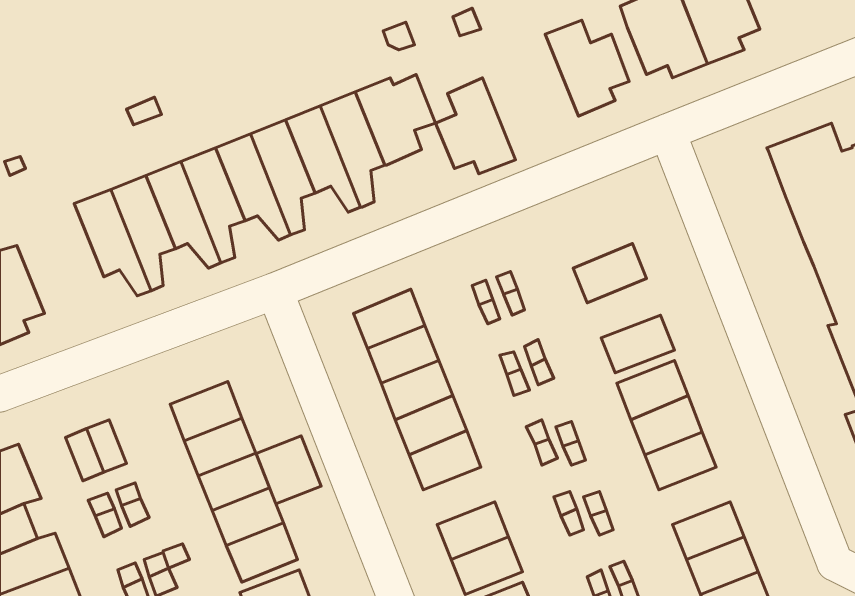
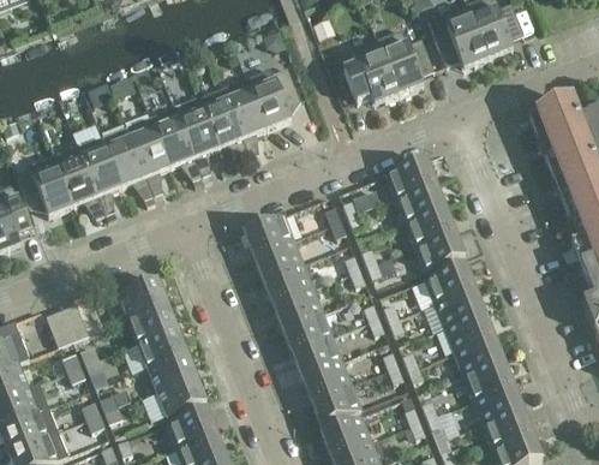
building: [435,78,516,174] -> [343,37,399,103]
building: none -> [14,154,72,214]
building: none -> [385,157,436,198]
building: none -> [405,205,455,246]
building: [256,436,321,504] -> none
building: none -> [292,335,341,375]
building: none -> [454,335,503,375]

